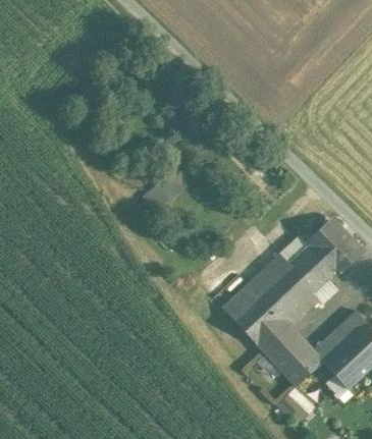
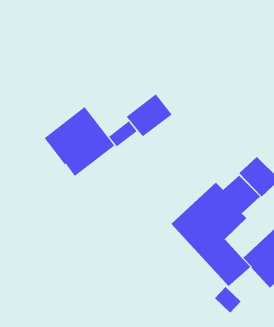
building: none -> [126,93,173,137]
building: none -> [44,106,115,177]

